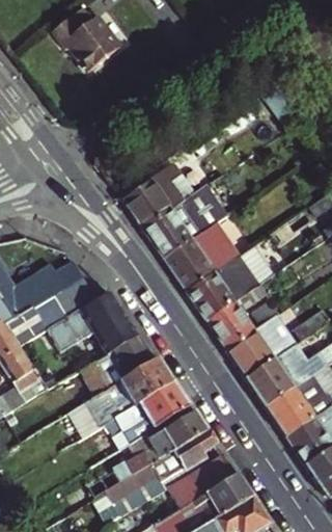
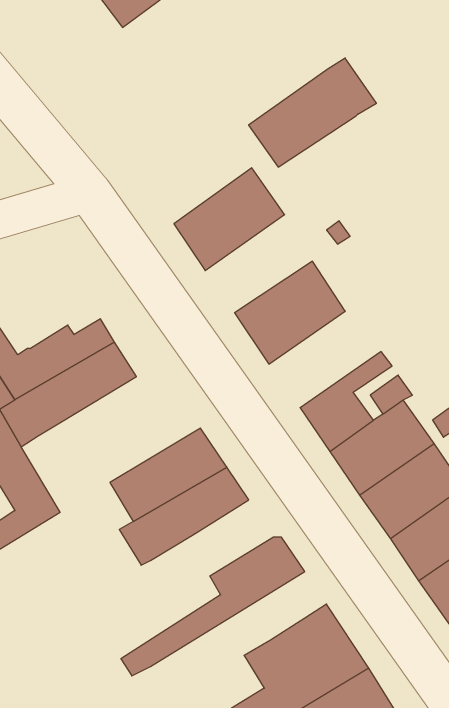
building: [144,186,229,259] -> [249,58,376,167]
building: [187,244,278,322] -> none
building: [49,293,141,356] -> none
building: [108,383,190,449] -> none
building: [108,431,219,517] -> none

